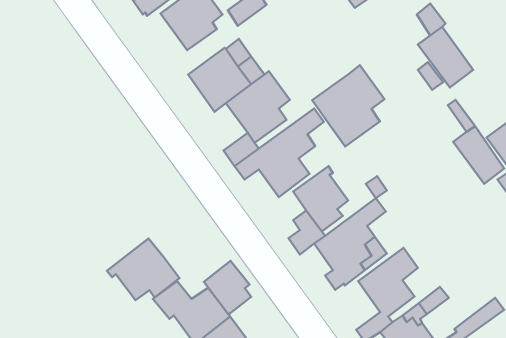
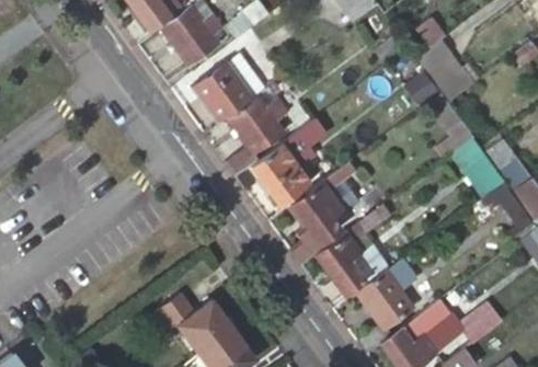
building: [312,65,385,147] -> none
building: [107,238,180,300] -> none
building: [204,261,251,315] -> none

